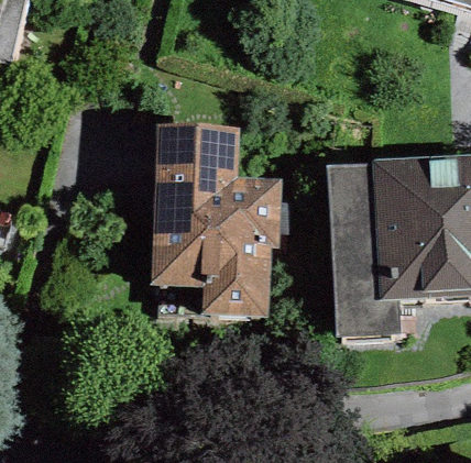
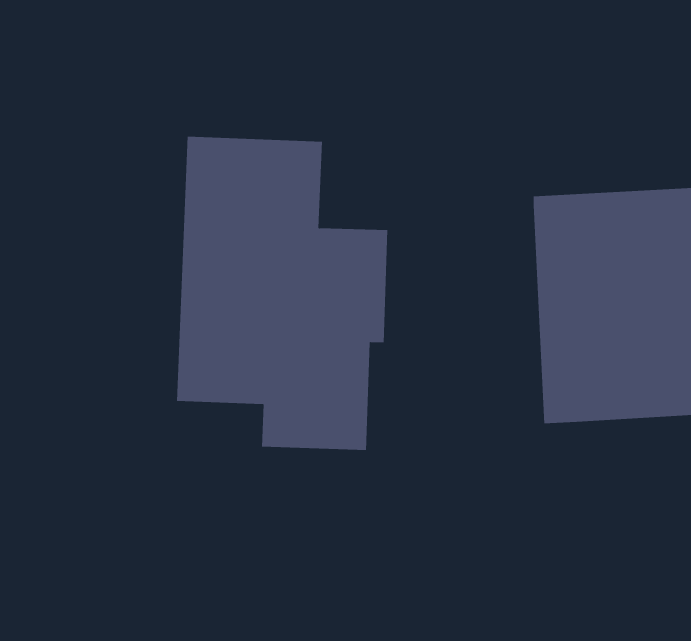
building: [327,164,401,339] -> none

